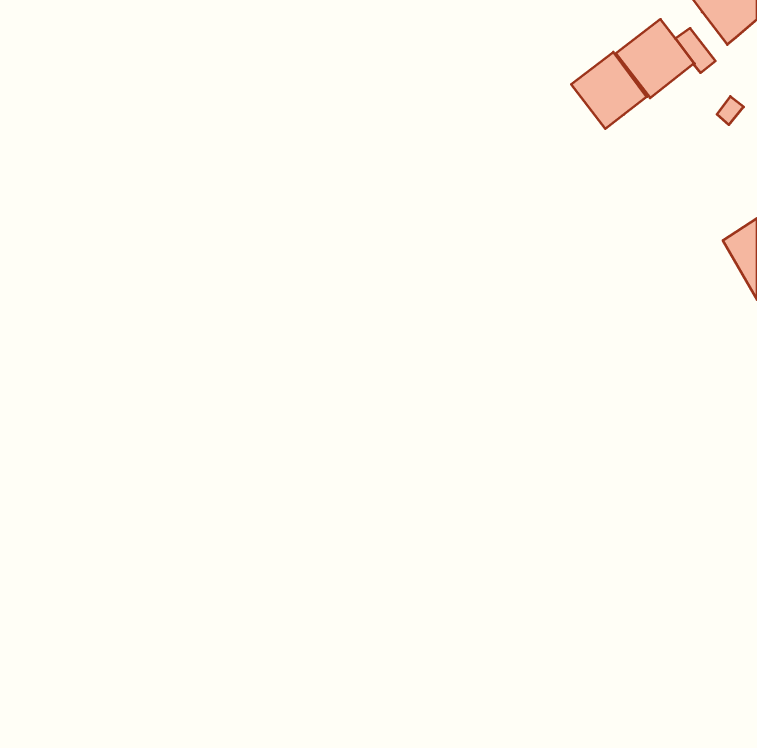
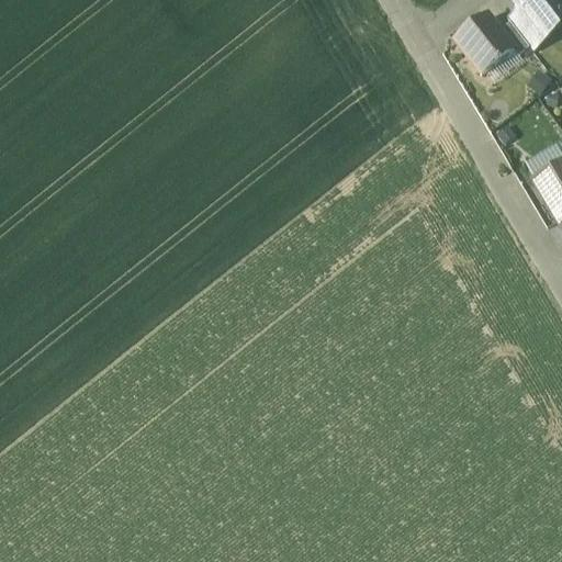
building: none -> [507,9,549,48]
building: [571,52,647,129] -> none

